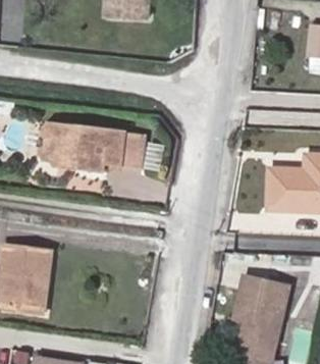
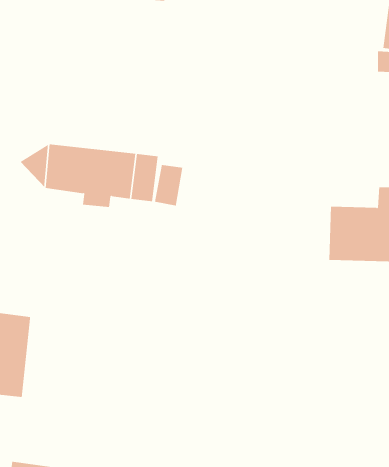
building: [234,273,285,357] -> none

